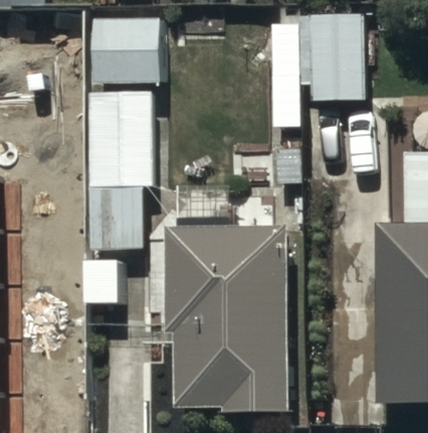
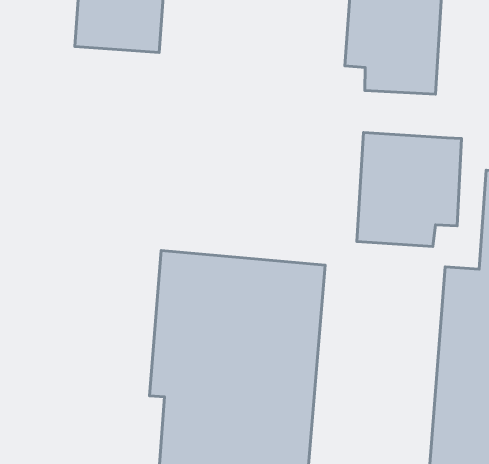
building: [88,93,148,249] -> none
building: none -> [357,133,461,247]

